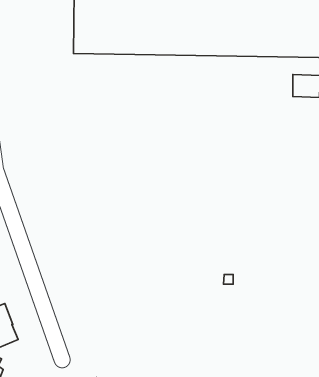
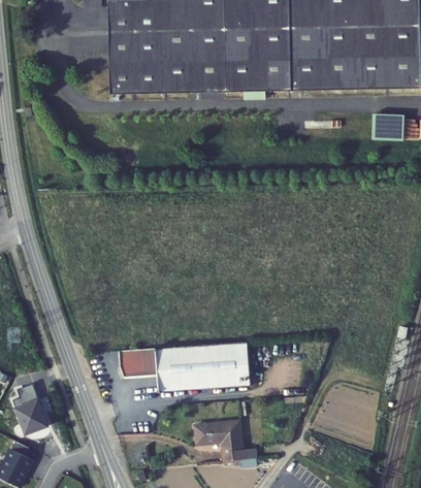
building: none -> [118,341,249,391]
building: none -> [193,420,254,461]

